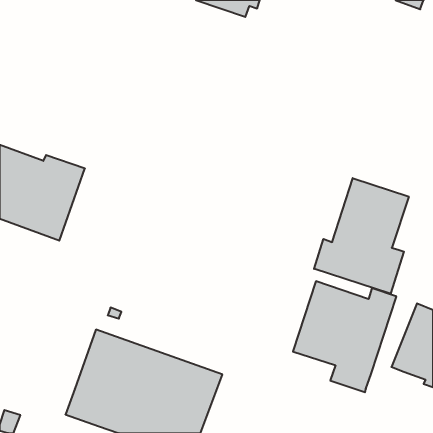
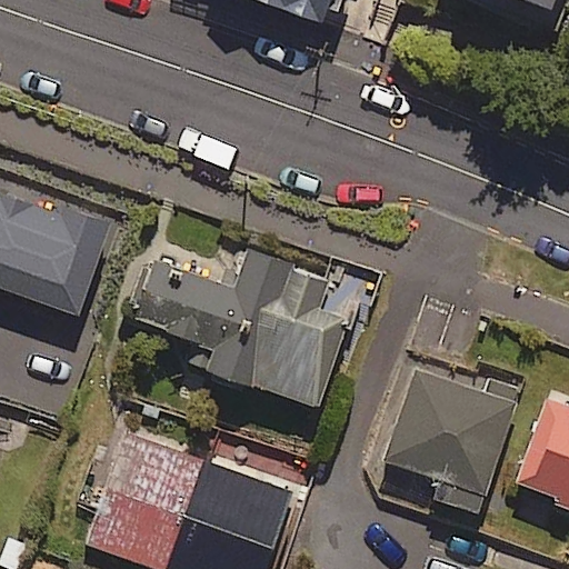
building: [314,178,409,294] -> none
building: none -> [134,252,349,407]

